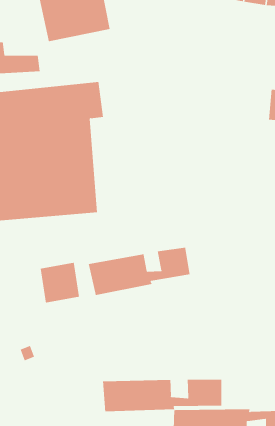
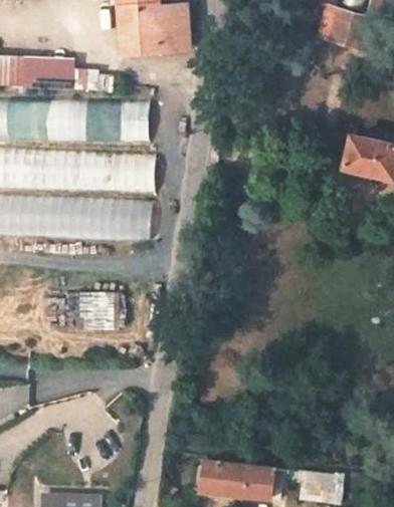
building: [88,247,190,296] -> none
building: [102,379,222,412] -> none

